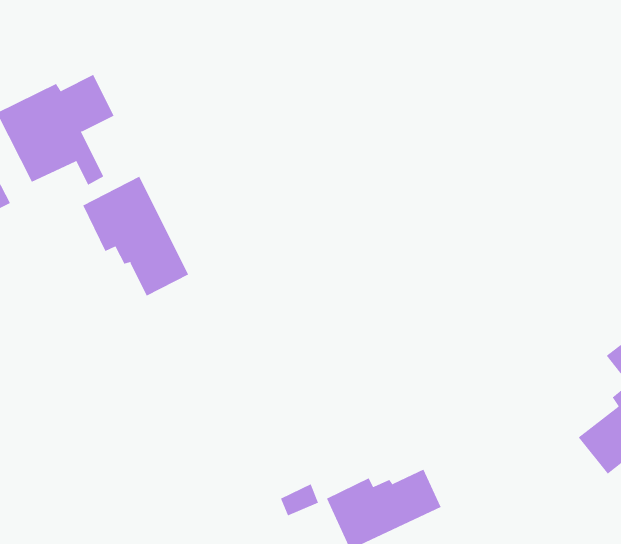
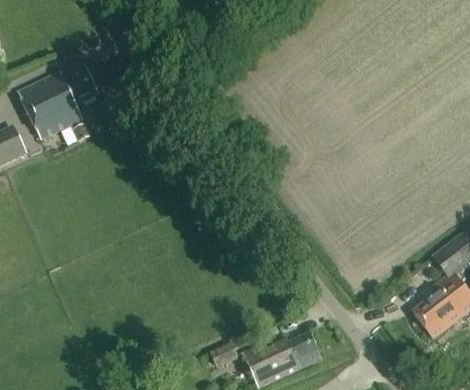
building: [82,176,189,296] -> none

